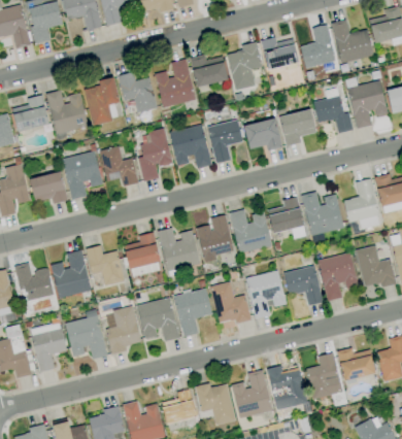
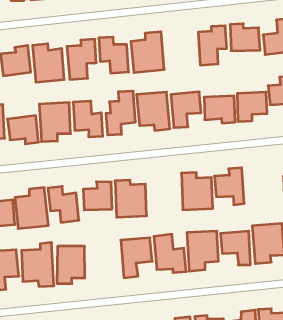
building: [190,55,229,88] -> none
building: [302,191,343,235] -> none
building: [196,215,233,263] -> none
building: [137,297,179,342] -> none

